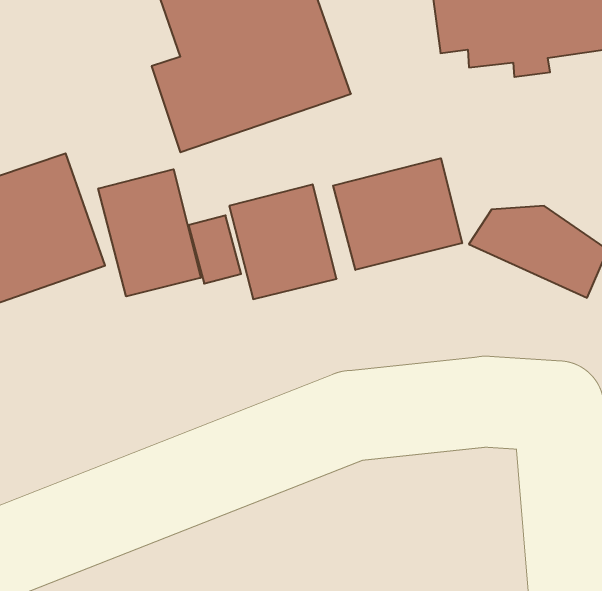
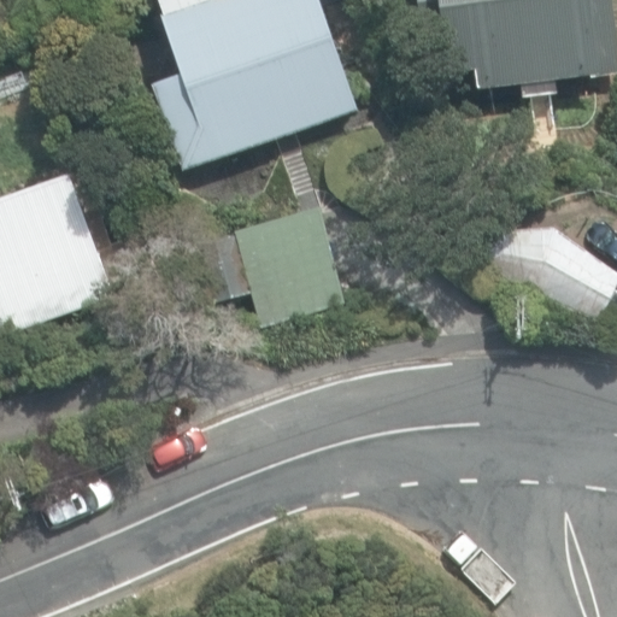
building: [333,158,462,270] -> none
building: [98,169,201,296] -> none

